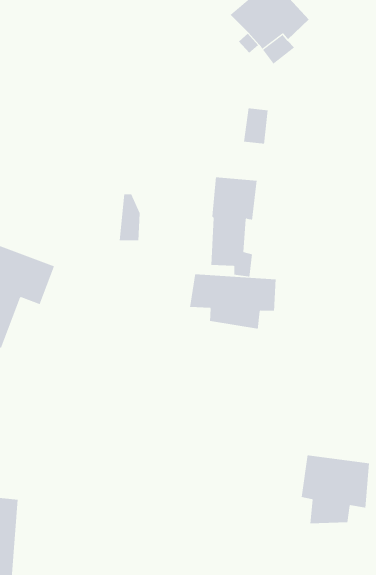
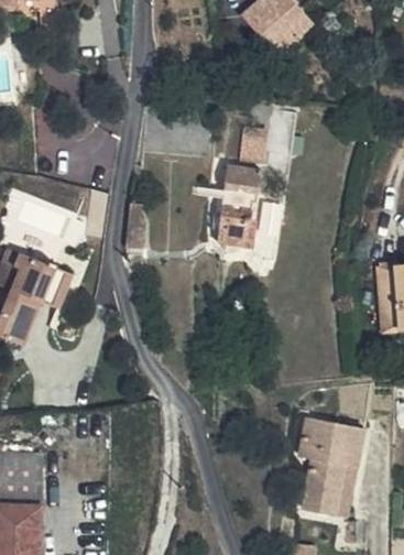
building: [190,273,276,330] -> none
building: none -> [303,492,341,529]

